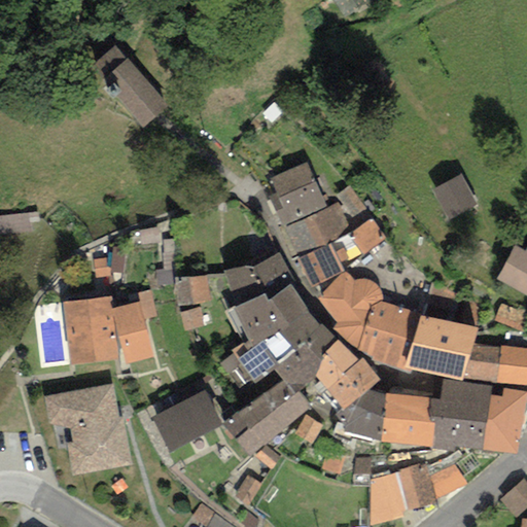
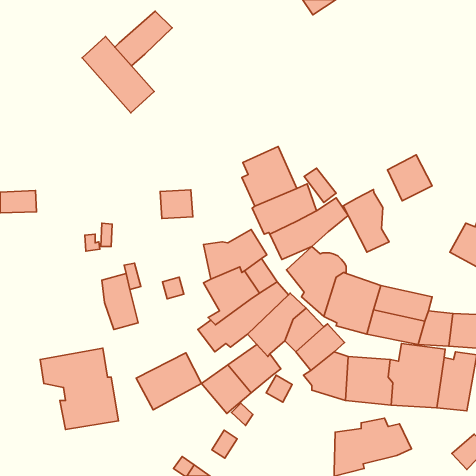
building: none -> [115,11,172,66]
building: none -> [343,189,389,252]
building: [175,272,211,304] -> [160,190,193,219]
building: [63,295,119,364] -> none

